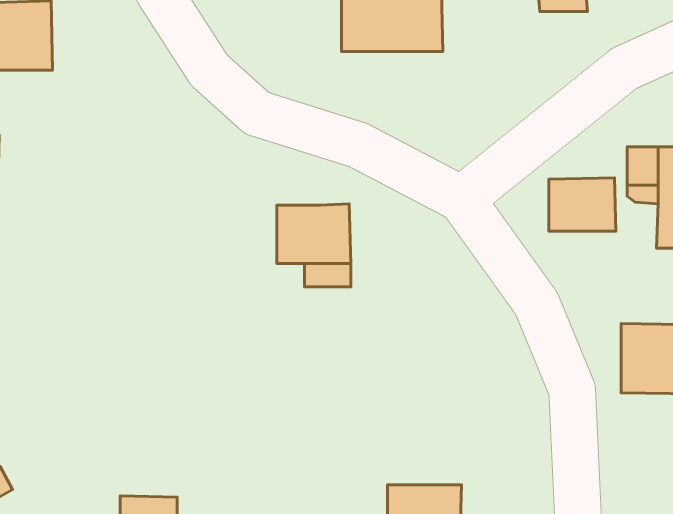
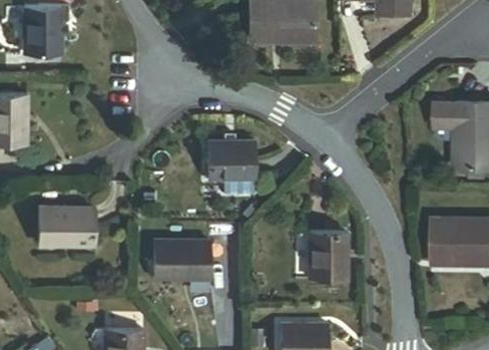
building: [549,178,616,231] -> none
building: none -> [38,207,94,245]
building: none -> [310,232,346,279]
building: none -> [154,240,209,278]

